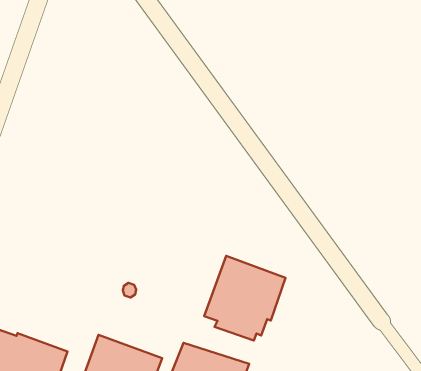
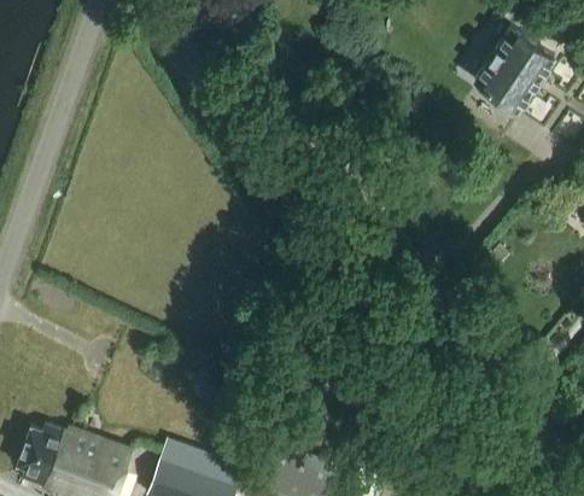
building: none -> [475,28,557,112]
building: [204,256,286,341] -> none

